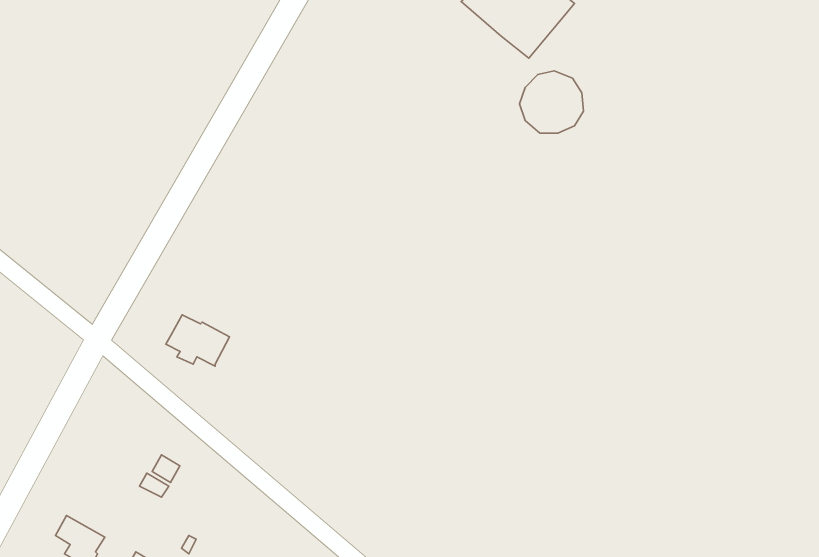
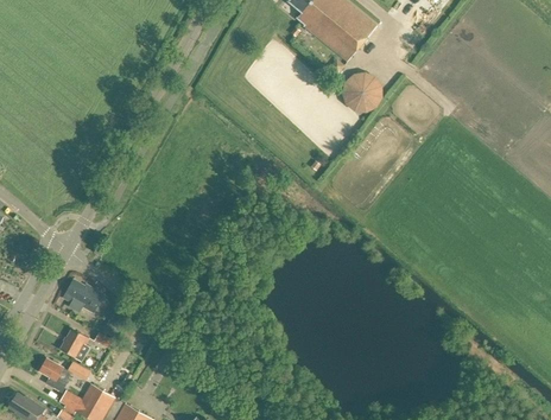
building: [166,315,230,366] -> [62,280,103,313]
building: none -> [59,329,89,362]

